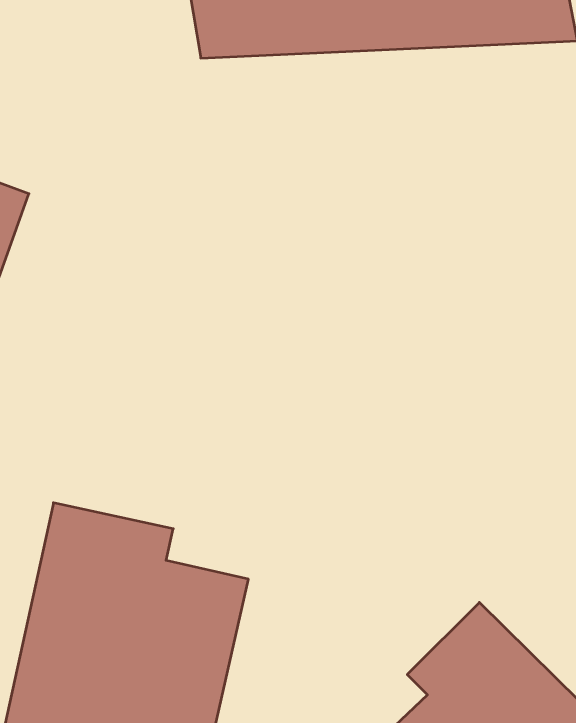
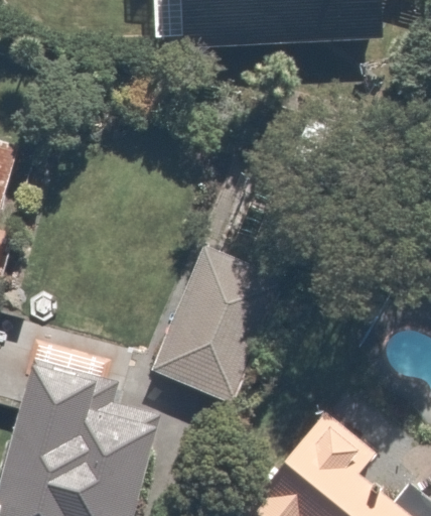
building: none -> [149,207,286,399]

